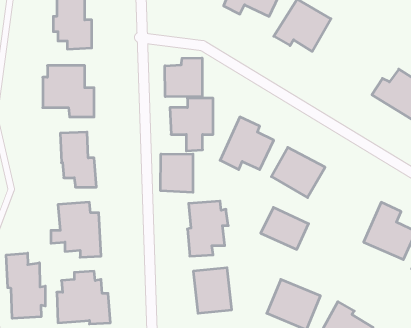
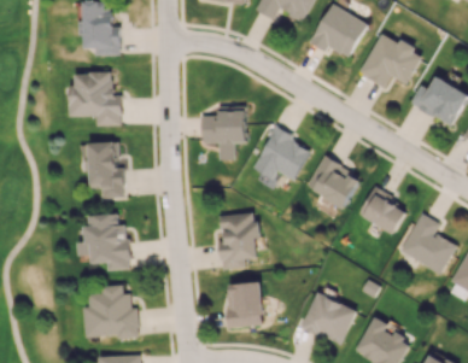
building: none -> [359,34,423,87]
building: [165,58,202,97] -> none
building: [161,154,193,192] -> none
building: [261,207,309,249] -> [358,189,408,233]
building: [6,253,45,318] -> none

